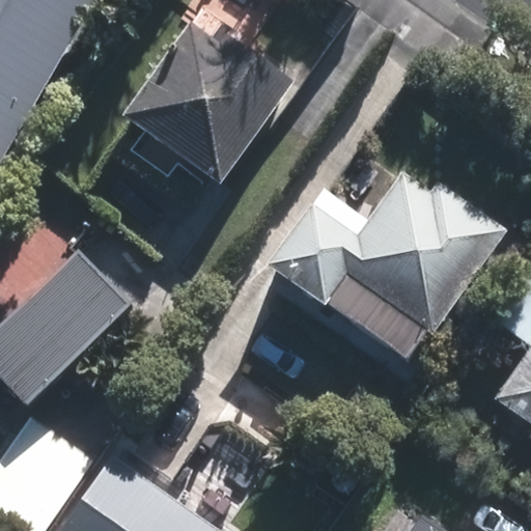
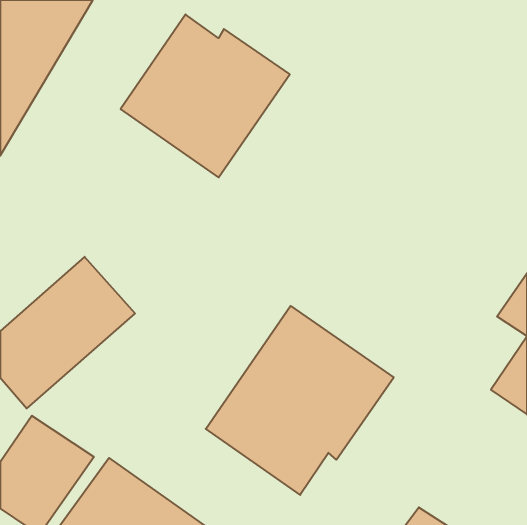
building: [262,167,509,334] -> none
building: none -> [206,306,394,495]

